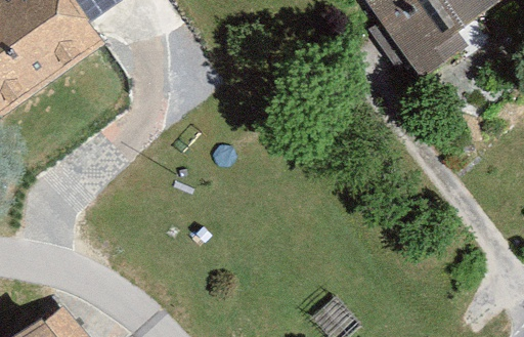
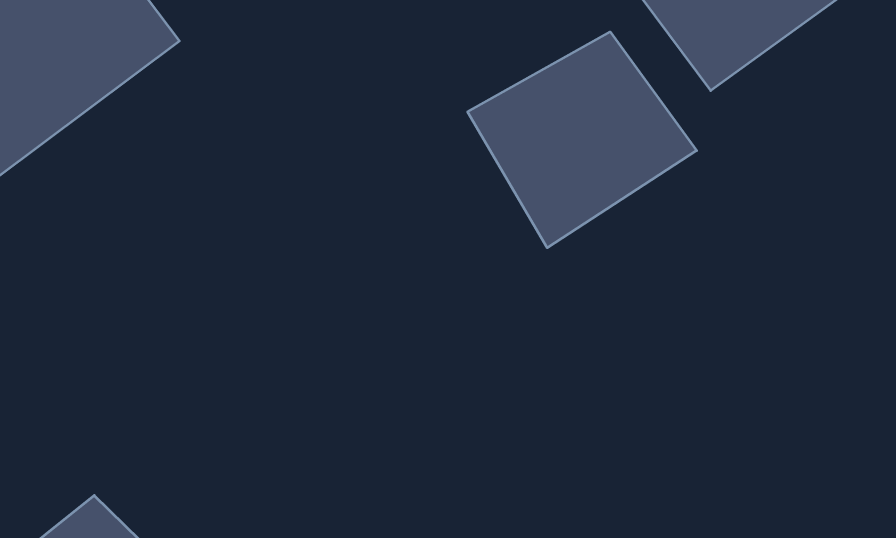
building: none -> [468,32,697,248]

